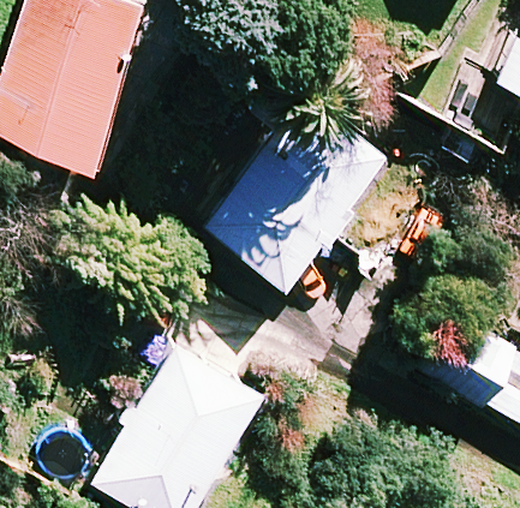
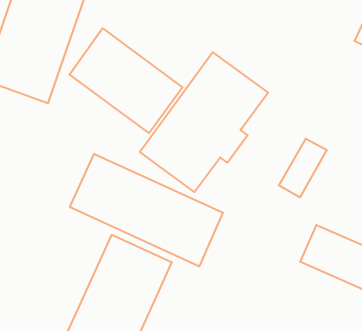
building: none -> [69,28,183,133]
building: none -> [70,154,223,267]

